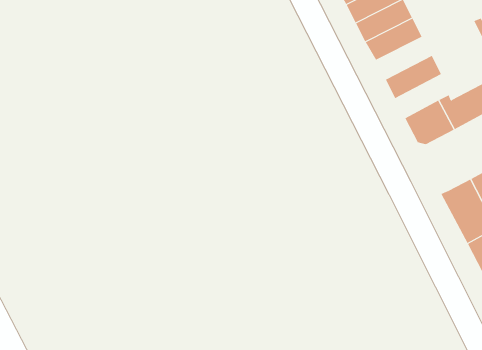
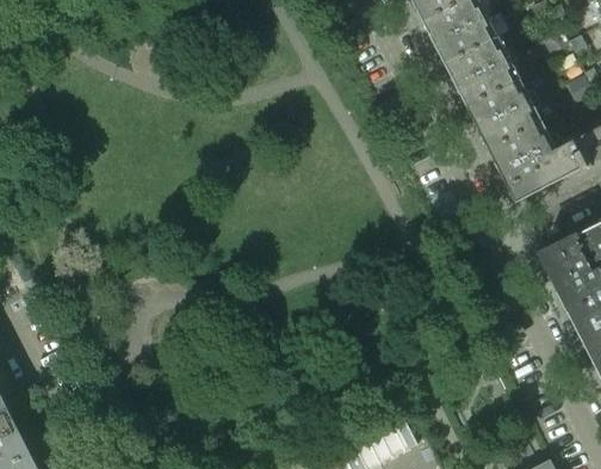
building: none -> [467,79,531,126]
building: none -> [489,121,553,169]

